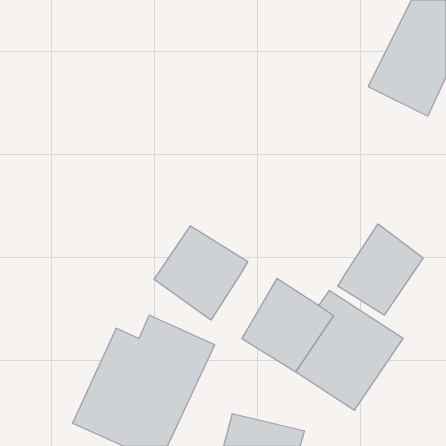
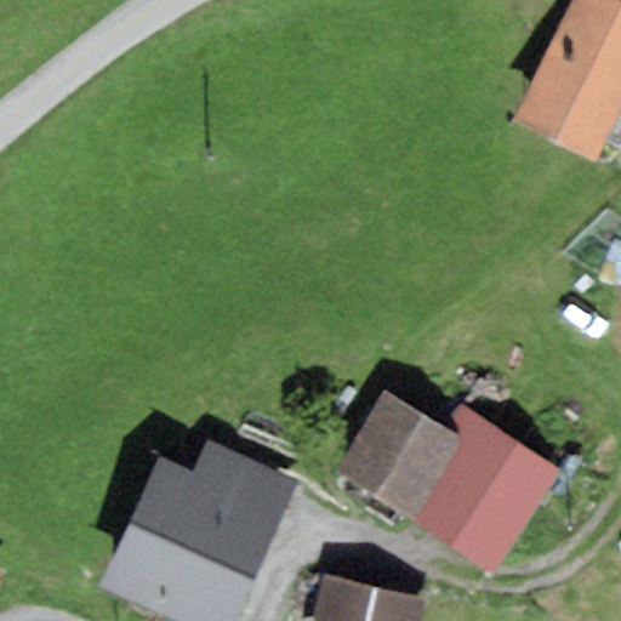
building: [338,224,423,315] -> none
building: [154,226,248,320] -> none

